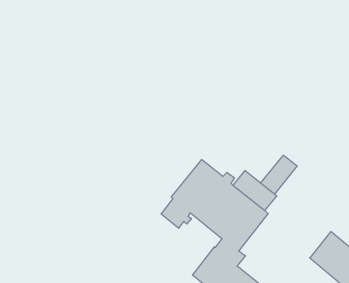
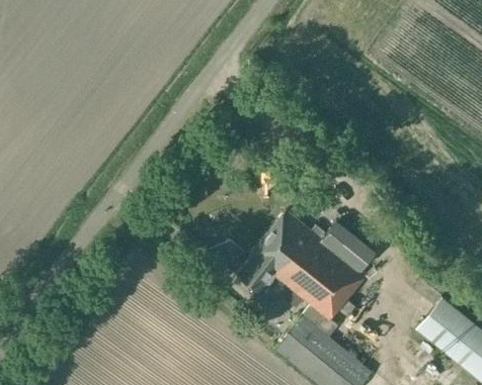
building: [261,155,297,194] -> none

